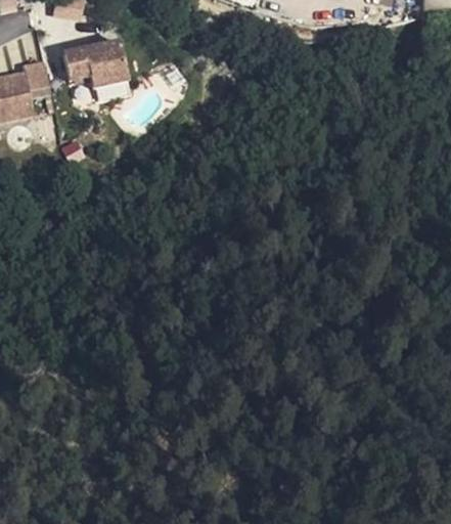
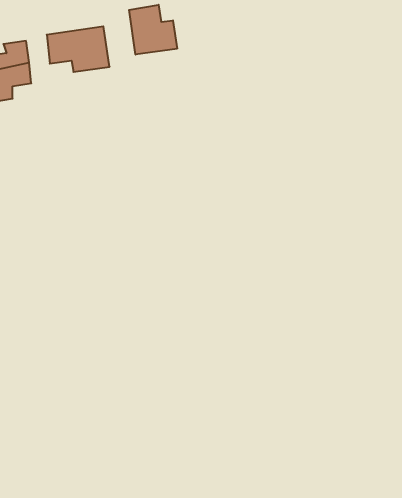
building: none -> [129,5,177,55]

